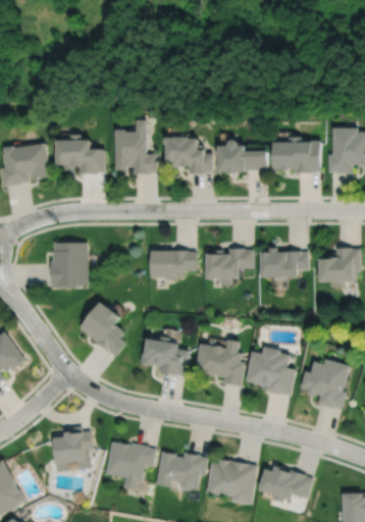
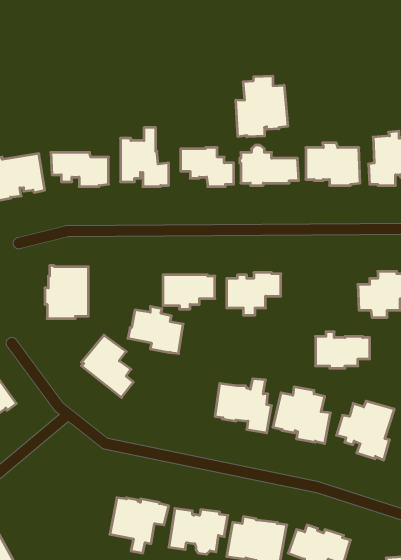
building: none -> [236,76,288,137]
building: [261,247,308,278] -> [315,332,370,368]
building: [141,335,189,376] -> [128,306,183,354]
building: [51,427,92,473] -> none

